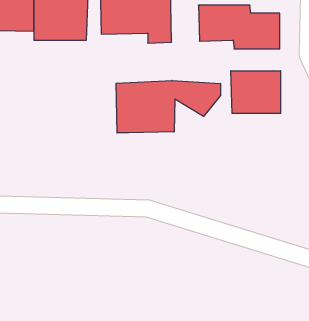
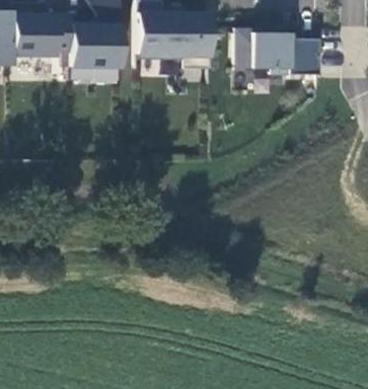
building: [231,71,281,113] -> none
building: [116,80,221,133] -> none

